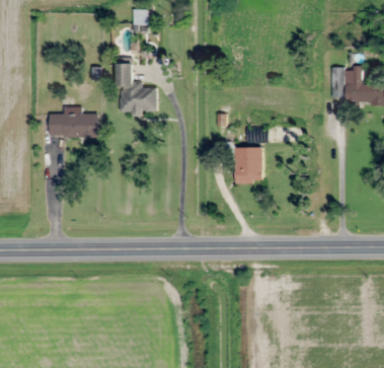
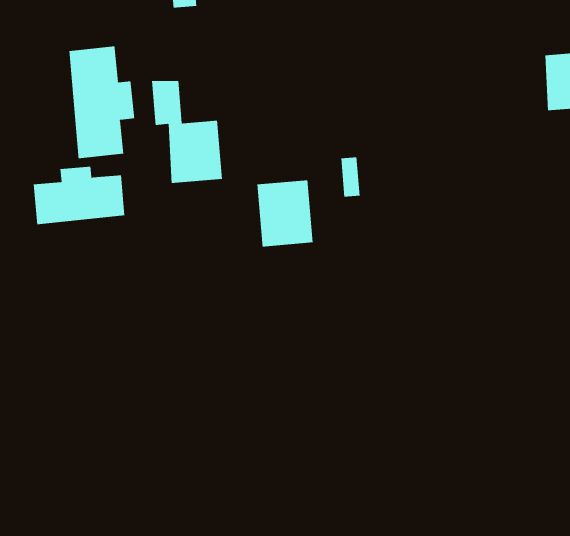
building: none -> [69,45,135,159]
building: [235,147,263,181] -> [256,180,314,247]

